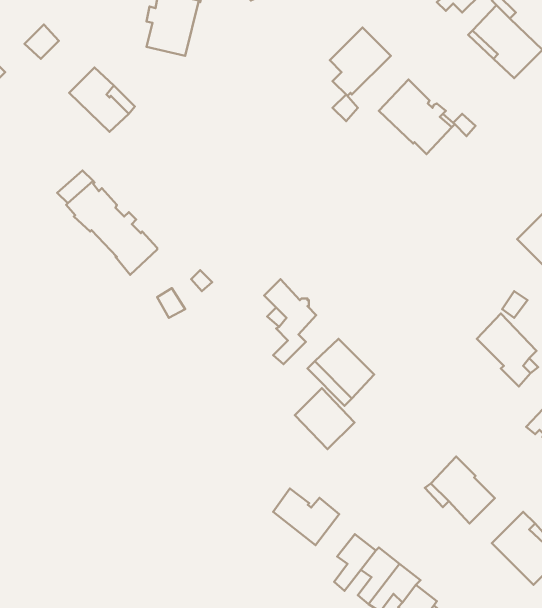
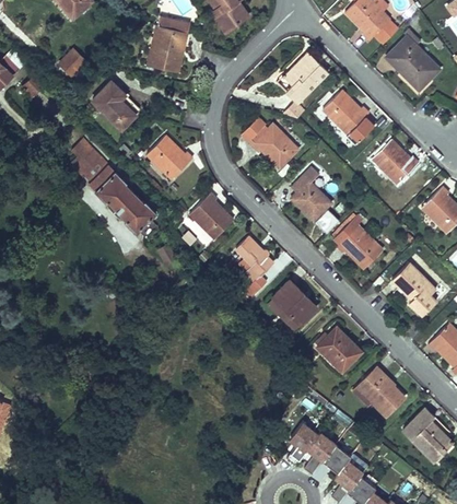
building: none -> [242,119,298,168]
building: none -> [147,136,192,179]
building: none -> [71,139,102,175]
building: none -> [372,140,418,184]
building: none -> [290,169,331,221]
building: none -> [189,194,233,239]
building: none -> [333,216,383,270]
building: [295,388,354,449] -> [317,327,361,372]
building: [273,488,339,545] -> none

